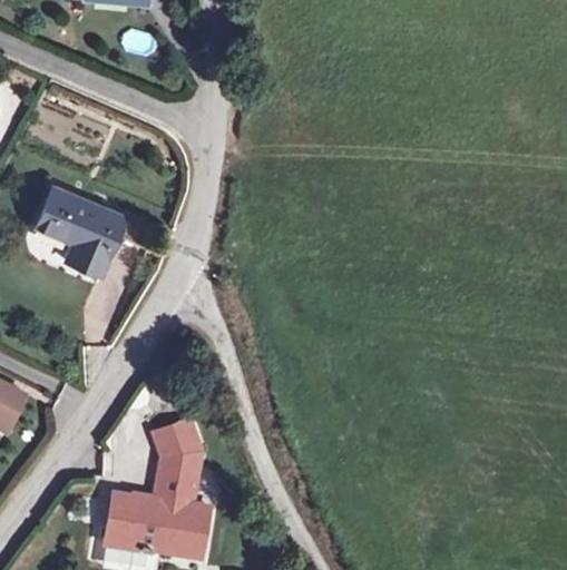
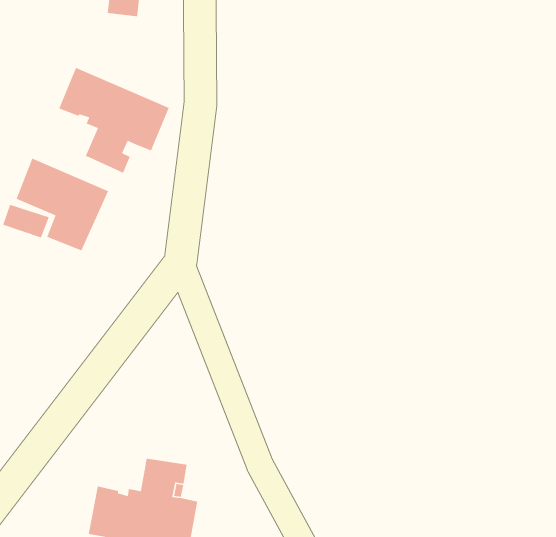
building: none -> [58,67,170,174]
building: [153,420,203,474] -> none

